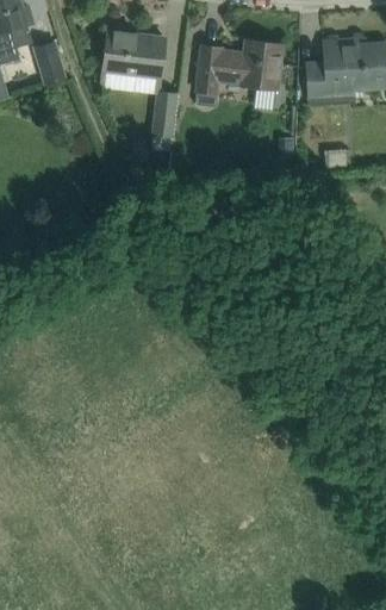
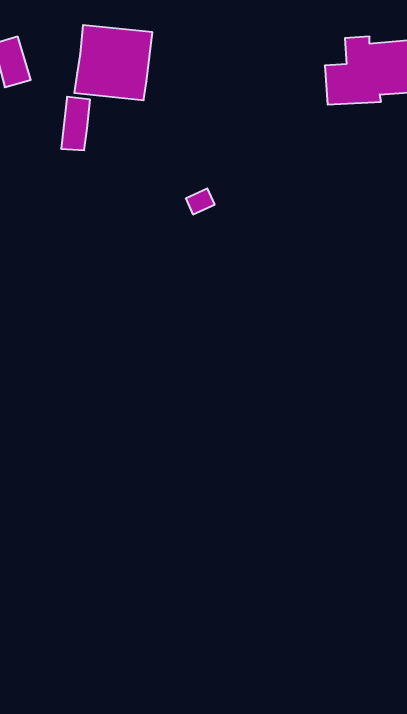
building: [197,39,281,110] -> none
building: [152,92,176,136] -> [61,97,90,150]

